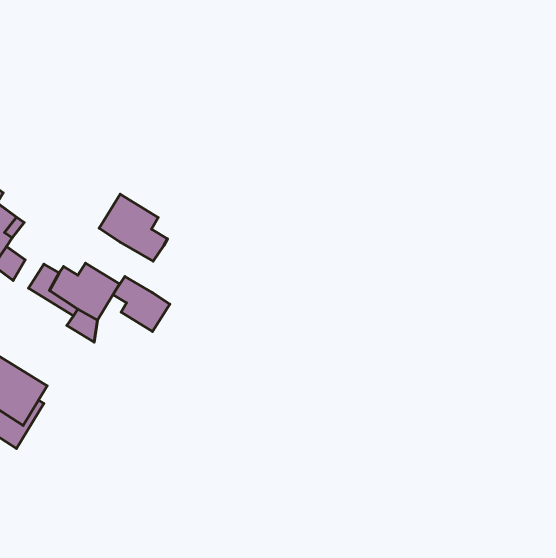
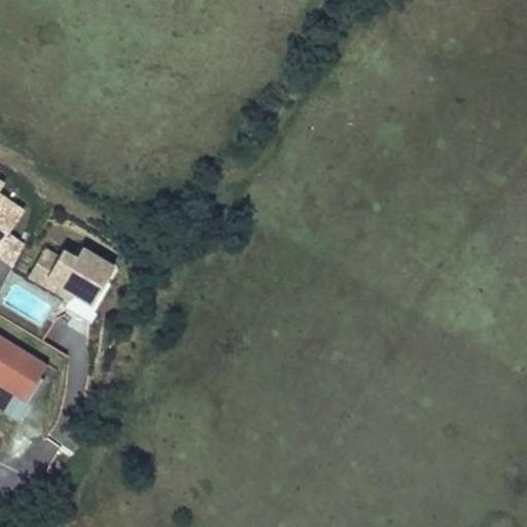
building: [99,194,167,261] -> none
building: [113,277,170,332] -> none

